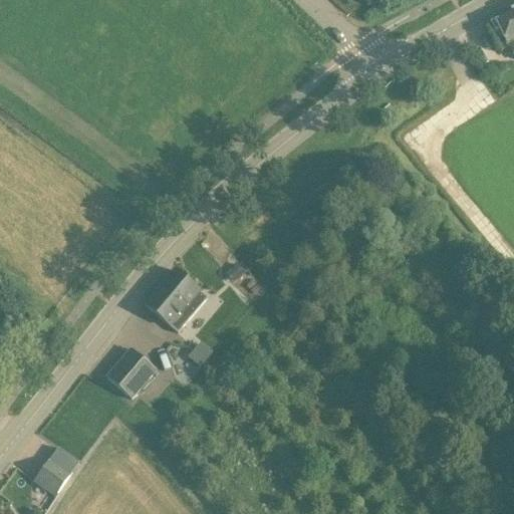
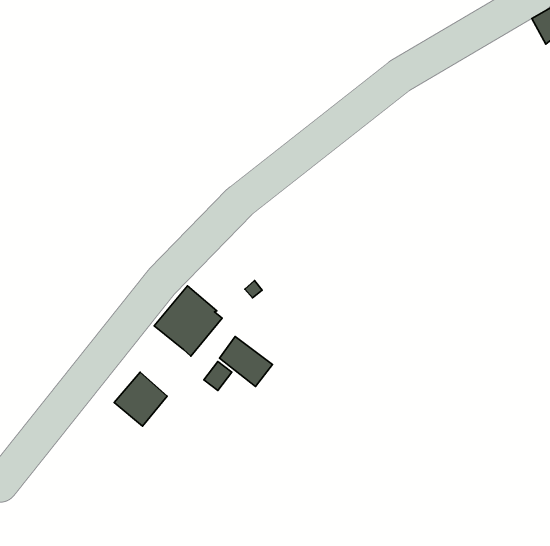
building: none -> [219,336,272,387]
building: [34,458,70,495] -> none

